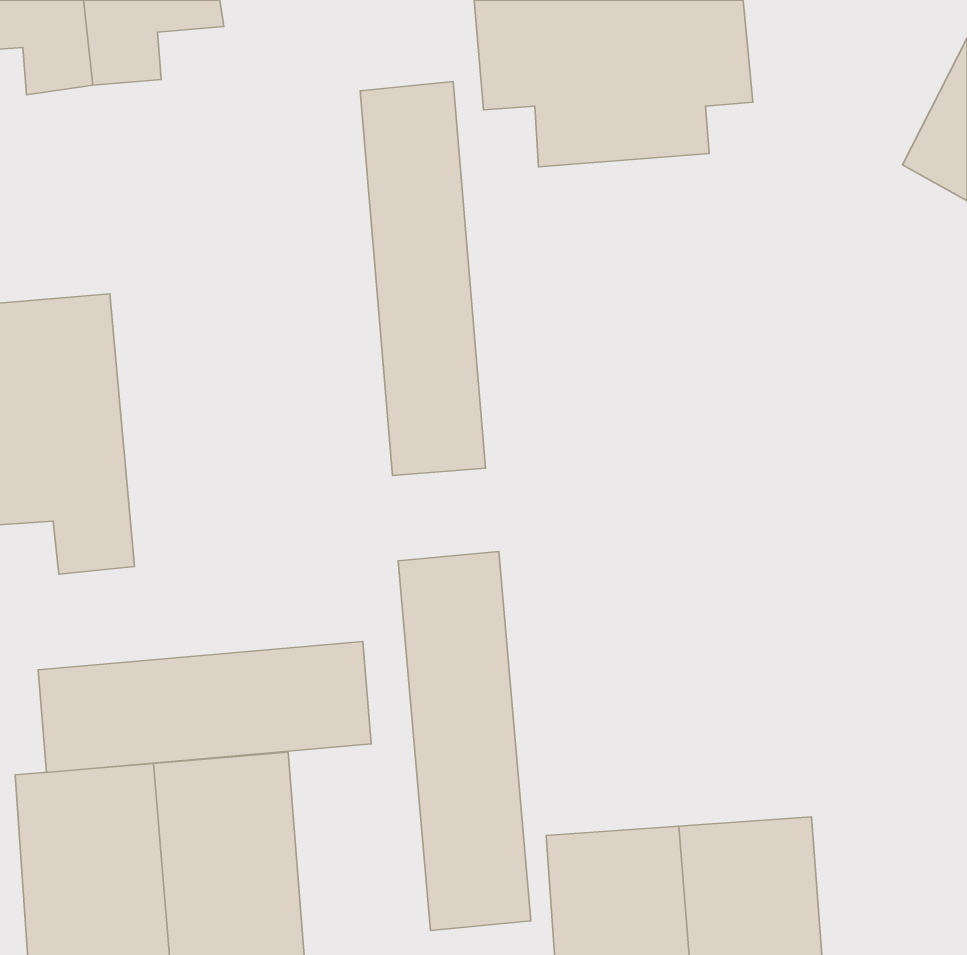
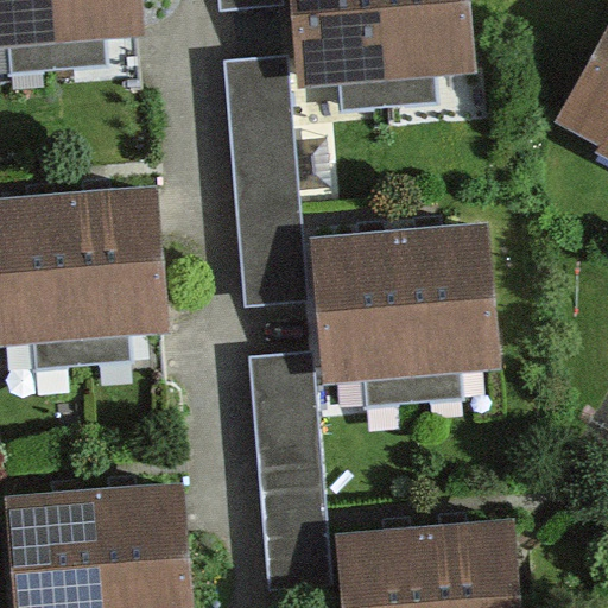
building: none -> [69,185,165,363]
building: none -> [315,216,500,405]
building: [38,641,371,772] -> none

